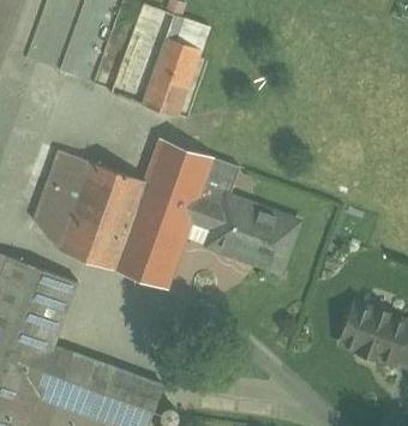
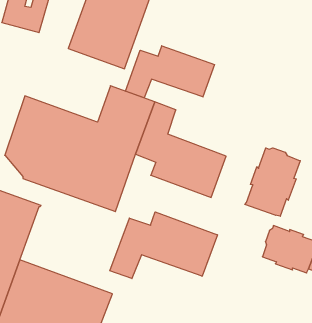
building: none -> [126,46,215,98]
building: none -> [245,148,300,216]
building: none -> [110,212,217,279]

